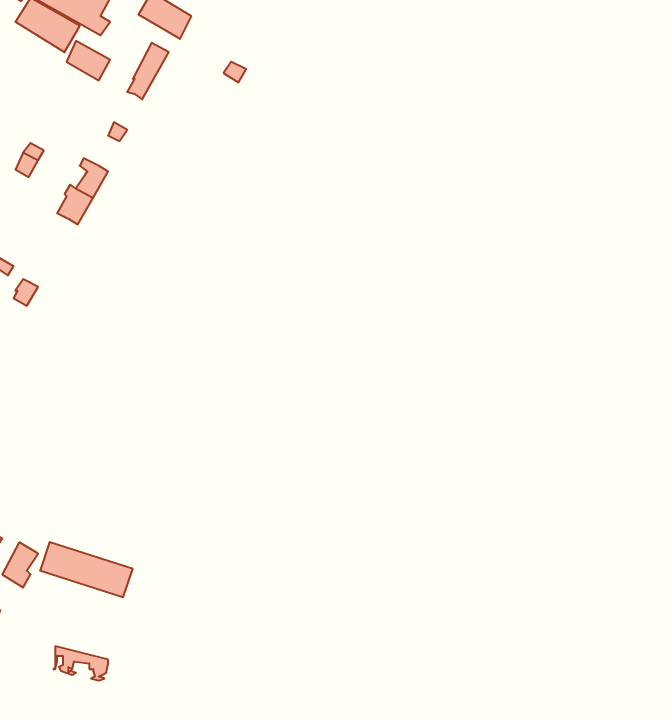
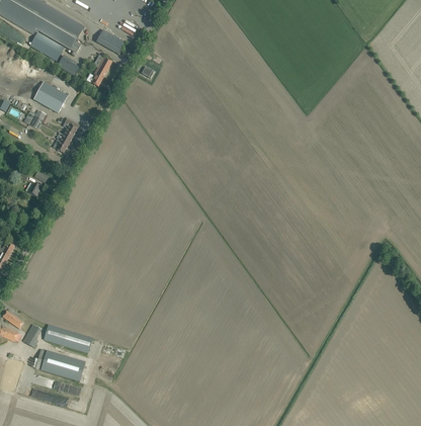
building: none -> [34,81,68,112]
building: none -> [36,348,86,379]

